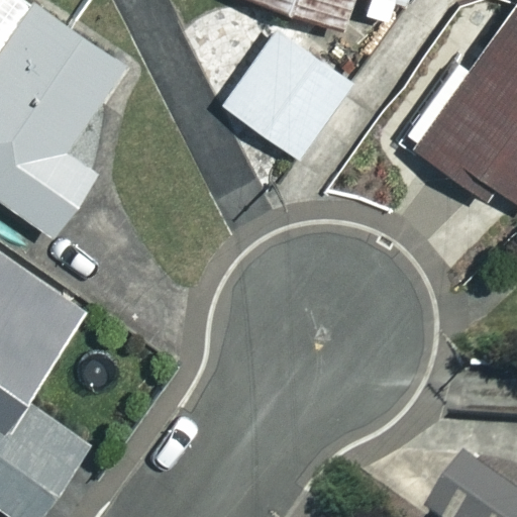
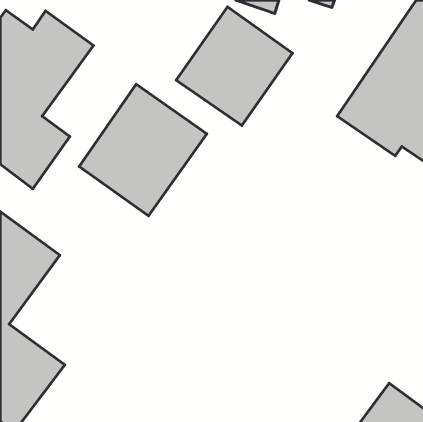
building: none -> [79,84,207,216]

